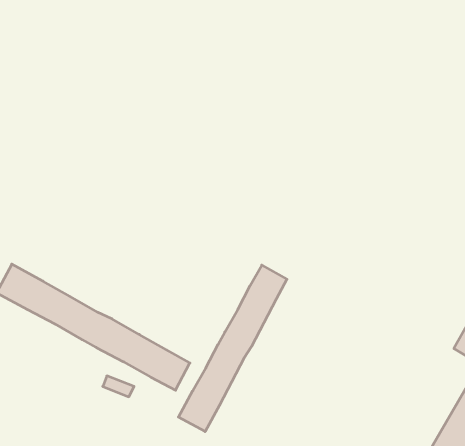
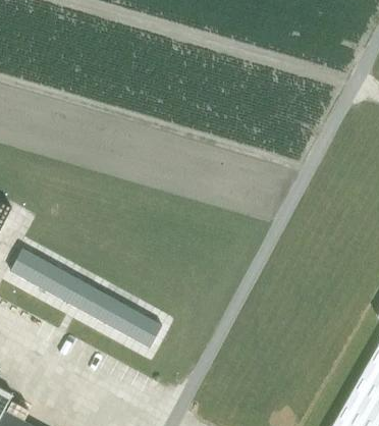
building: [178,265,287,432] -> none

